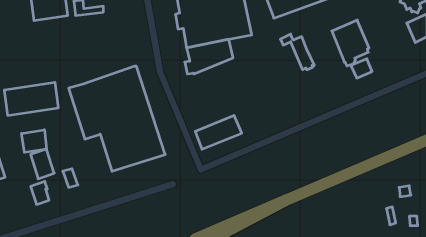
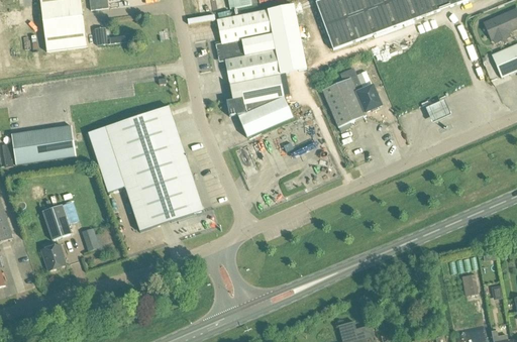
building: [332,20,369,66] -> [322,76,367,130]
building: [195,115,242,149] -> [237,95,293,135]
building: [22,130,47,152] -> none

